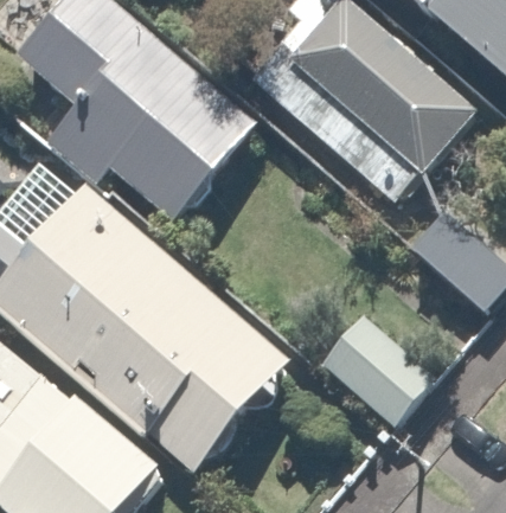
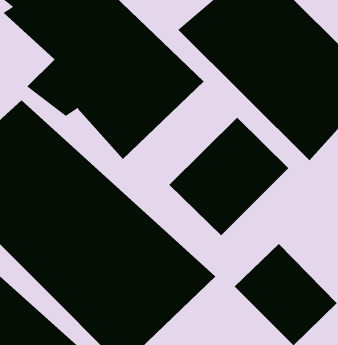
building: none -> [168,117,289,236]

